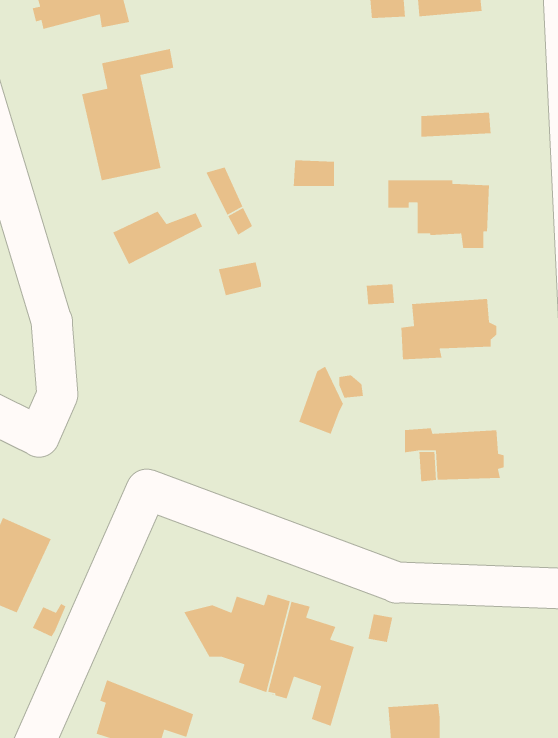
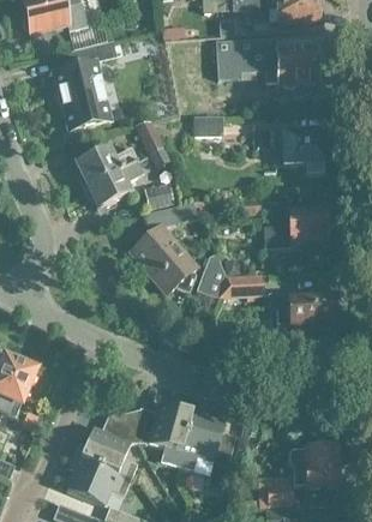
building: none -> [216,36,317,82]
building: none -> [86,161,143,210]
building: none -> [130,204,199,296]
building: none -> [220,275,264,298]
building: none -> [72,414,139,481]
building: none -> [289,446,340,486]

